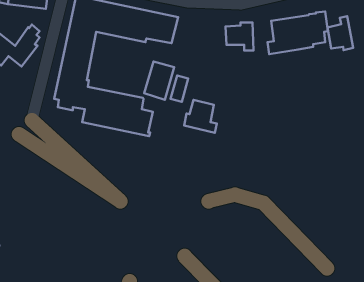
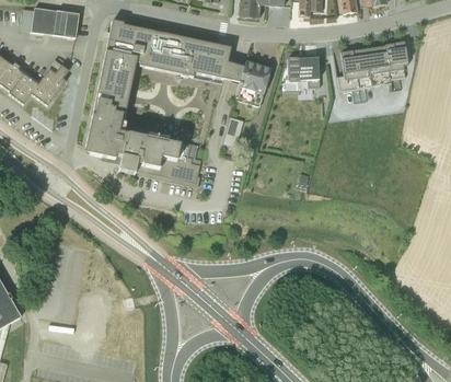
building: [327,16,353,50] -> none
building: [144,62,174,100] -> [235,61,270,106]
building: [184,100,217,133] -> none

